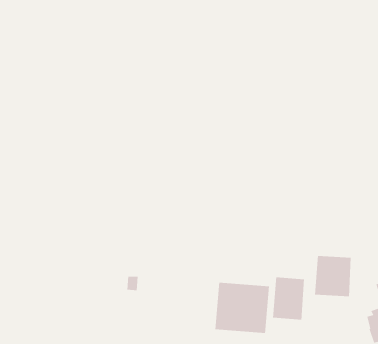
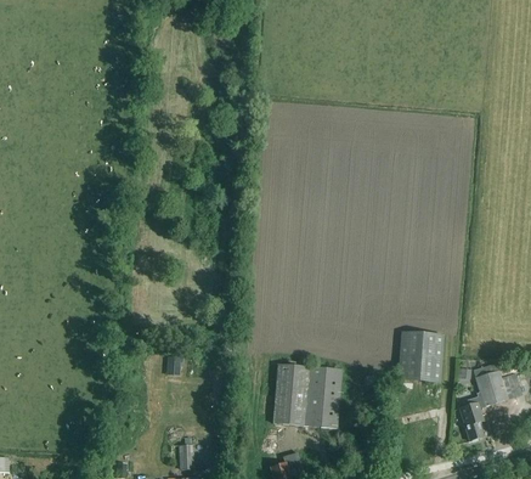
building: [272,277,305,320] -> none

